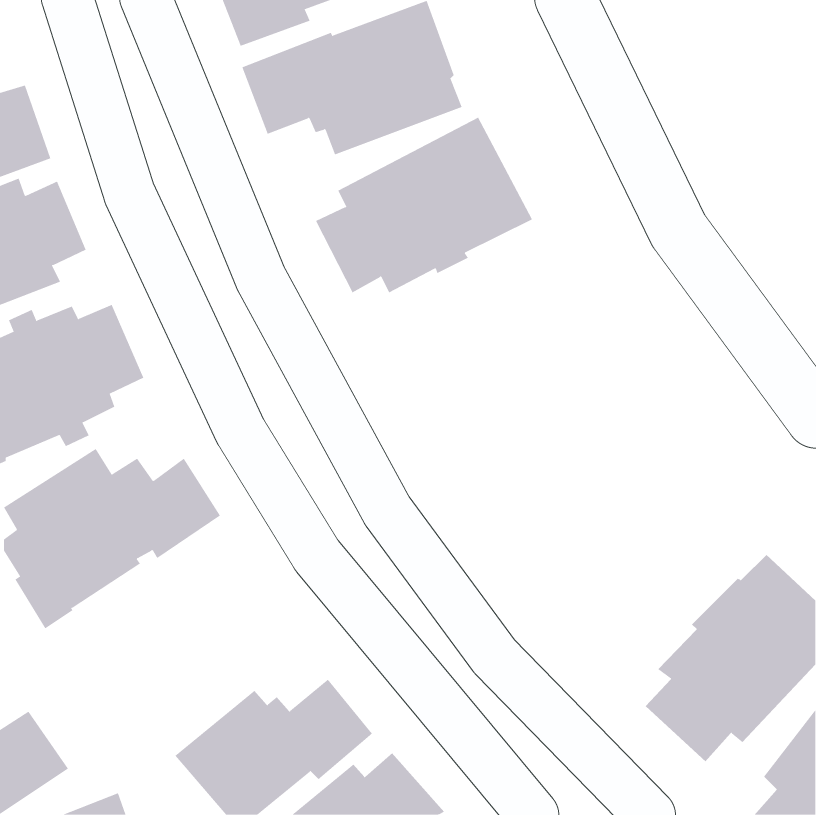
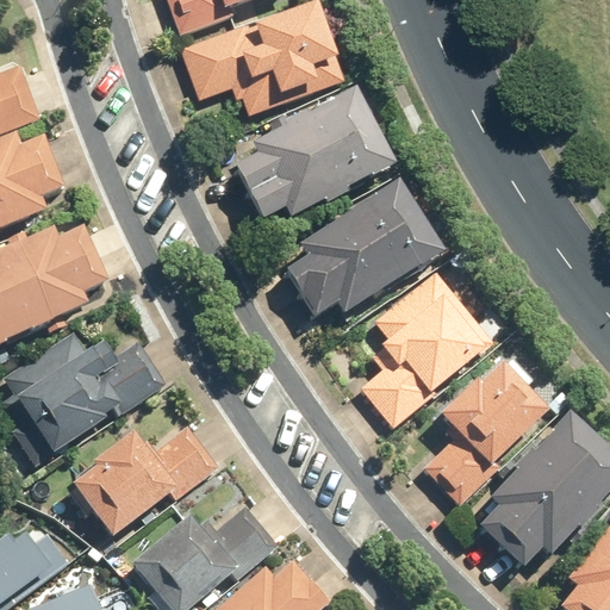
building: none -> [284,180,443,317]
building: none -> [360,272,493,429]
building: none -> [423,361,550,505]
building: none -> [71,425,218,537]

